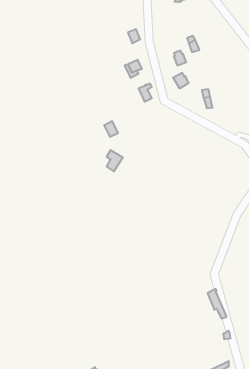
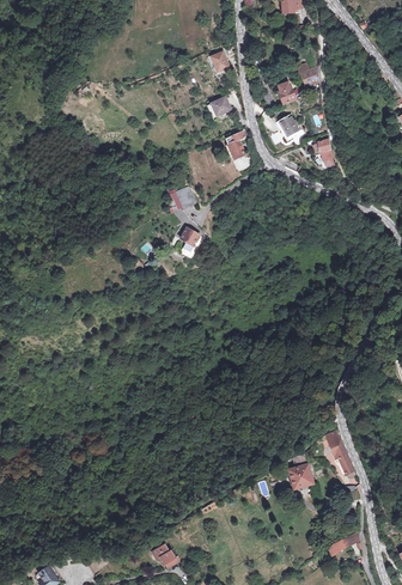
building: none -> [287,451,313,490]

